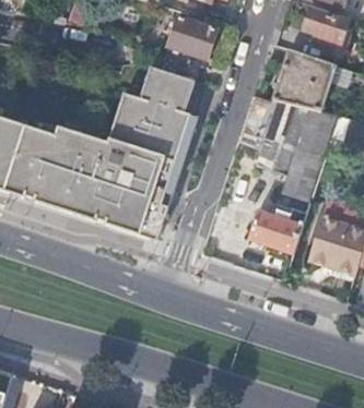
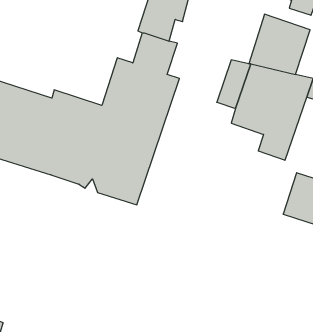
building: [247,208,306,253] -> none

